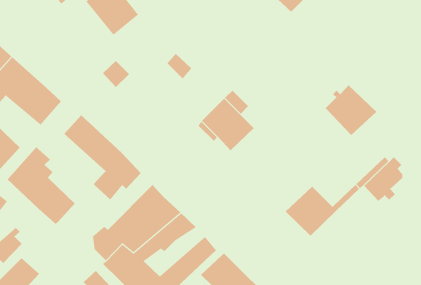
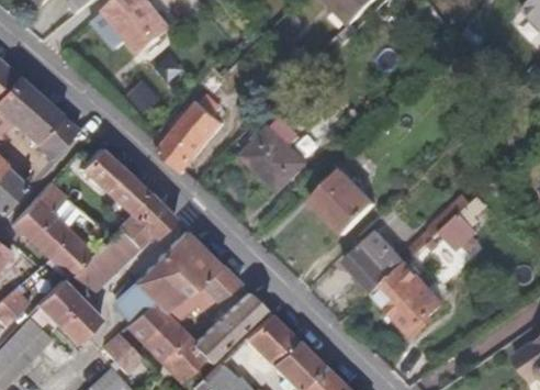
building: none -> [156,92,224,172]
building: [325,84,377,136] -> [313,171,375,233]
building: none -> [72,231,135,293]
building: none -> [374,263,443,332]
building: none -> [32,279,102,344]

